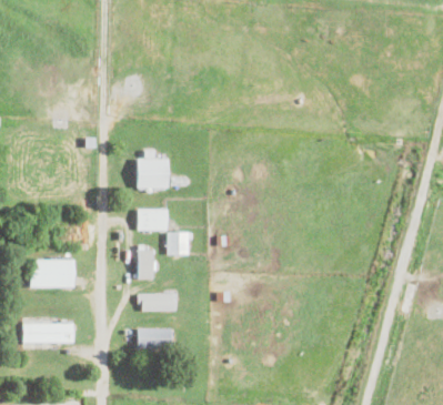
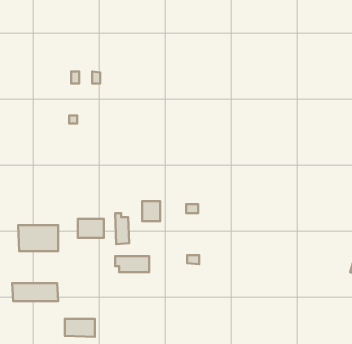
building: [138,159,168,188] -> none
building: [138,209,167,230] -> [78,219,104,238]
building: [138,328,171,348] -> [65,319,95,337]

